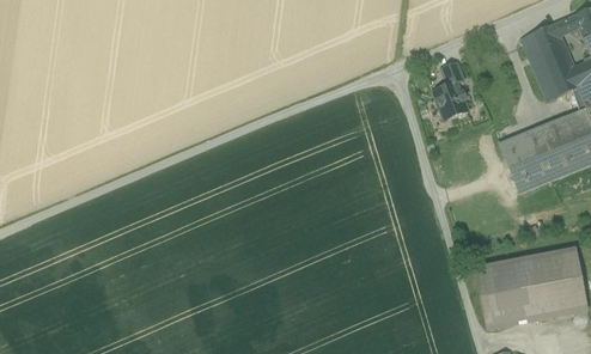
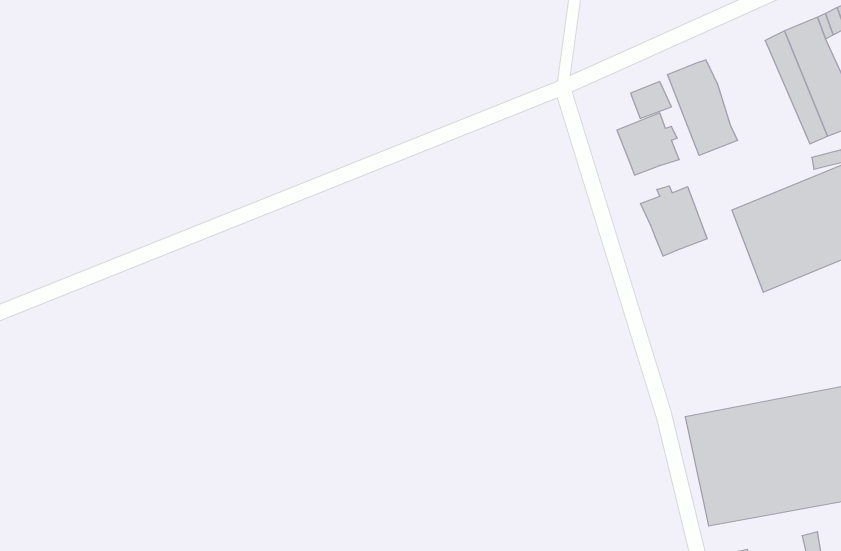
building: none -> [668,60,737,155]
building: none -> [641,186,707,256]

